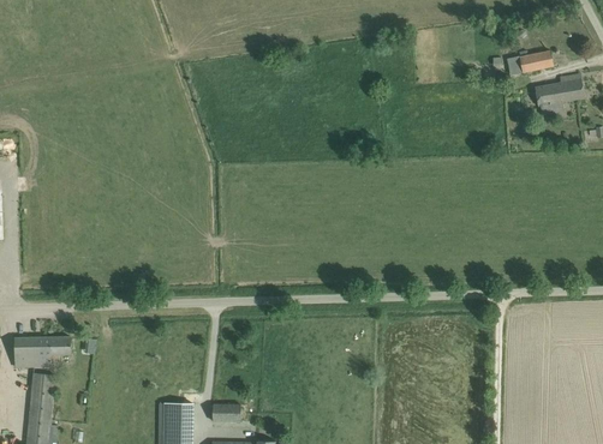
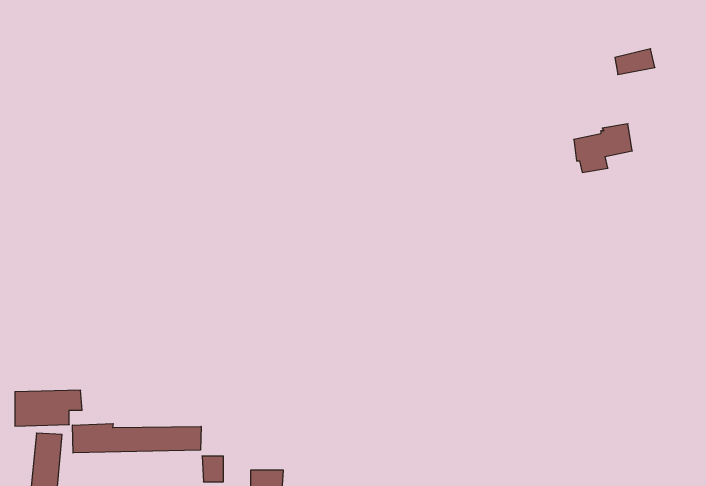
building: [535,74,584,115] -> [574,124,632,172]
building: none -> [73,424,201,453]

